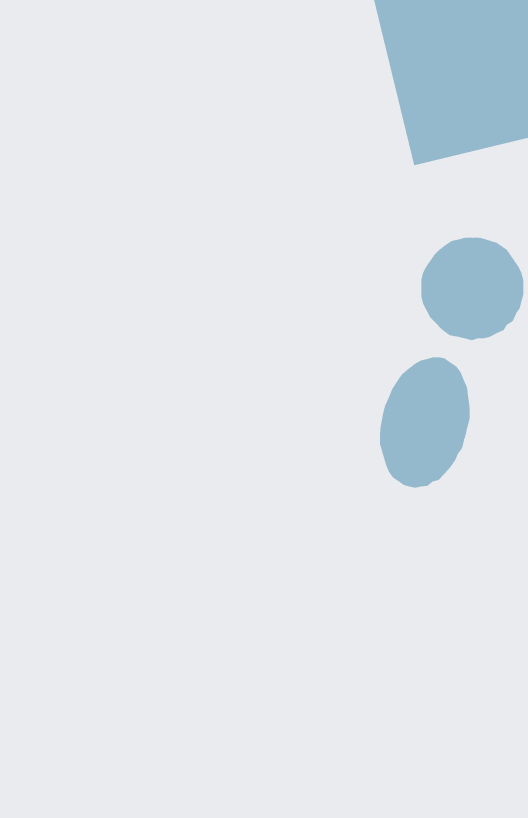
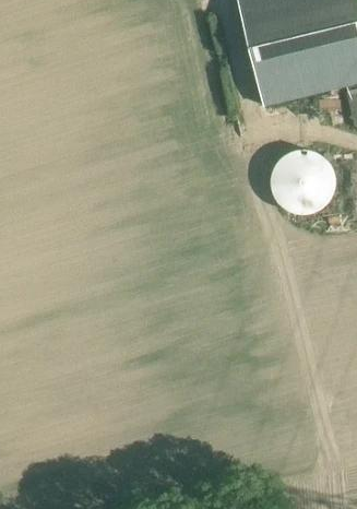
building: [379,356,470,489] -> none

